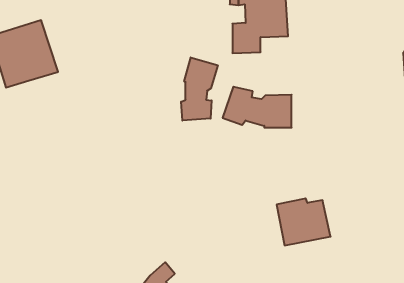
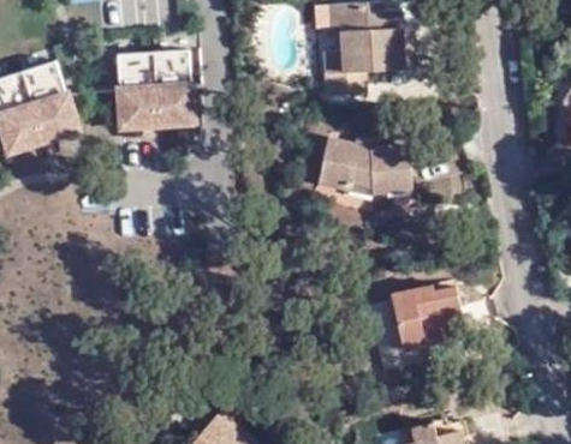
building: none -> [114,41,191,120]
building: [181,57,218,121] -> none

